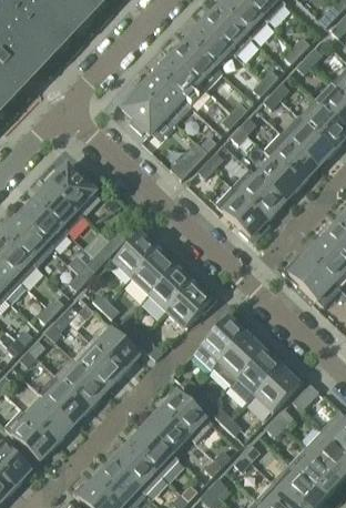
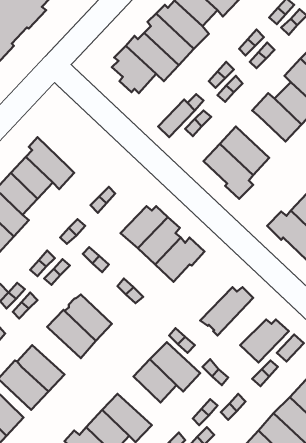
building: [255,159,299,202] -> none
building: [44,165,94,211] -> none
building: [112,230,156,280] -> none
building: [193,311,245,370] -> none
building: [89,324,139,373] -> none
building: [230,346,279,402] -> none
building: [39,377,89,425] -> none
building: [126,427,177,477] -> none

